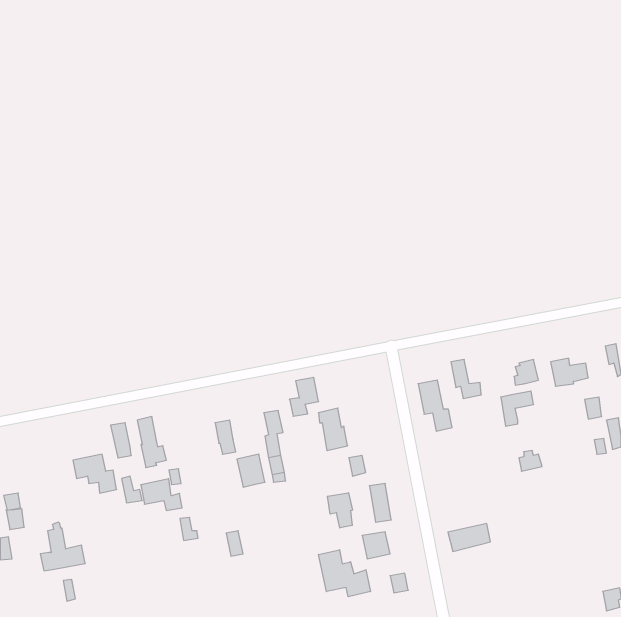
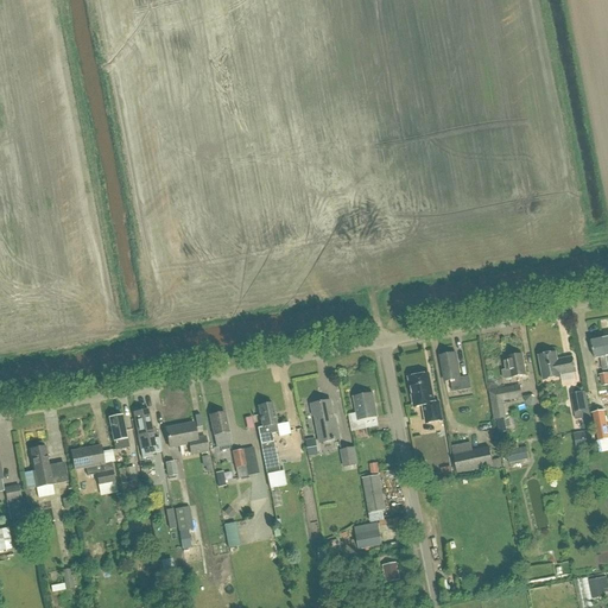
building: [289,377,319,416] -> [348,391,376,429]
building: [141,479,182,510] -> [166,420,207,451]
building: [327,493,352,528] -> none
building: [40,522,85,571] -> [24,439,68,487]
building: [448,524,490,551] -> [452,444,494,471]
building: [319,550,370,597] -> none

